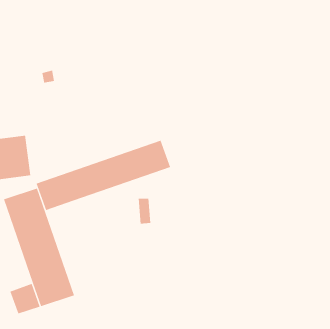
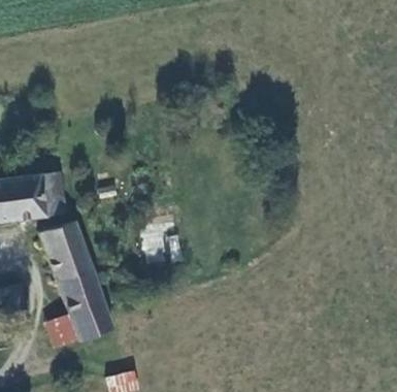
building: [36,140,171,211] -> none

